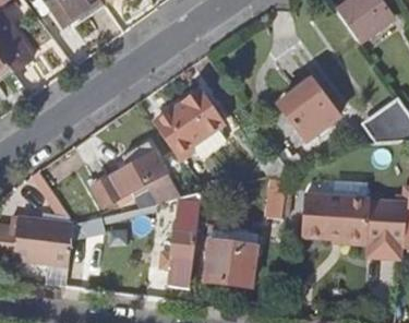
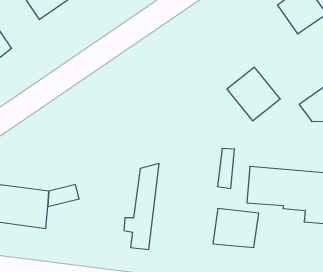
building: [155,92,229,159] -> none
building: [94,142,168,204] -> none
building: [205,240,257,285] -> [213,208,259,248]

